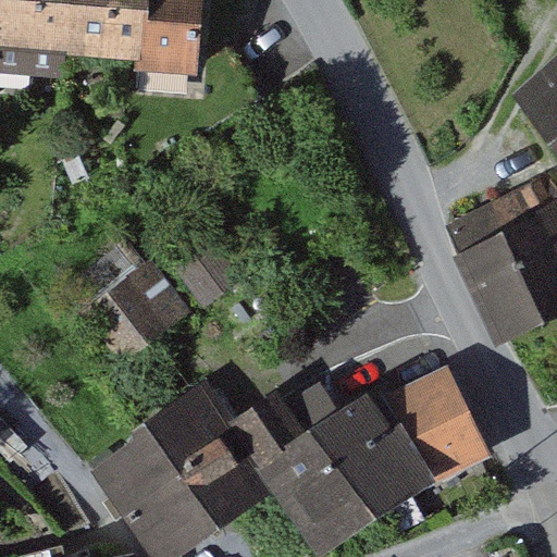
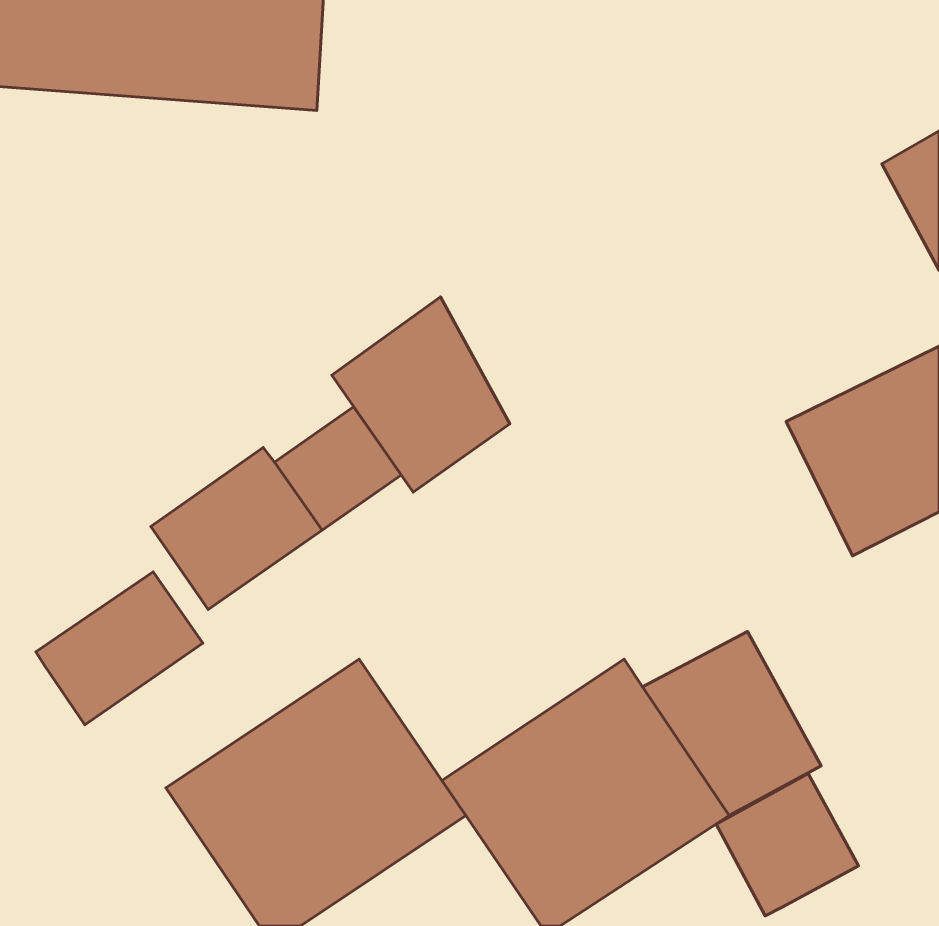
building: none -> [332,297,510,492]
building: none -> [36,572,203,725]
building: none -> [716,773,859,916]

